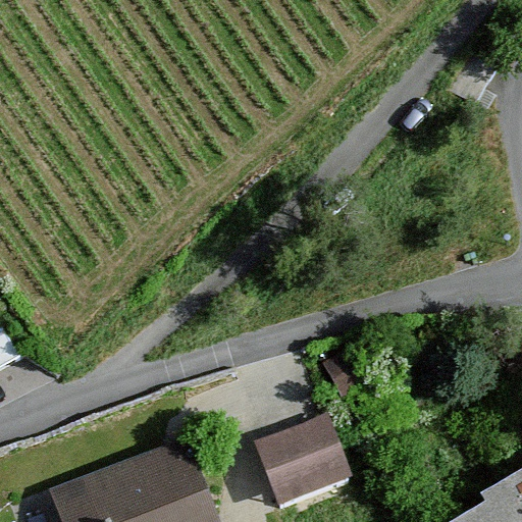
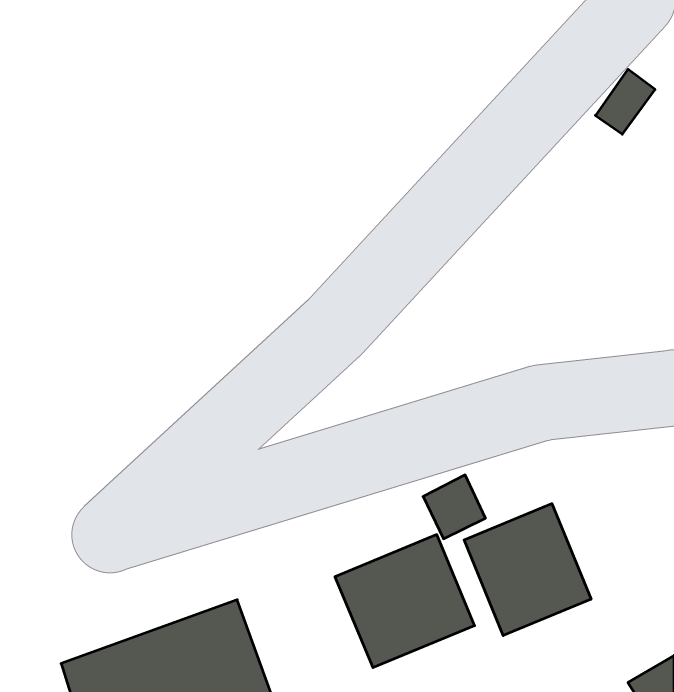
building: none -> [464,504,591,636]

